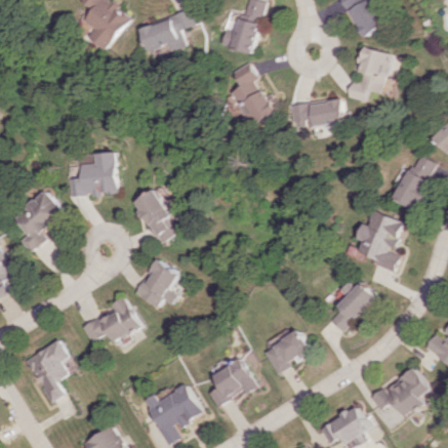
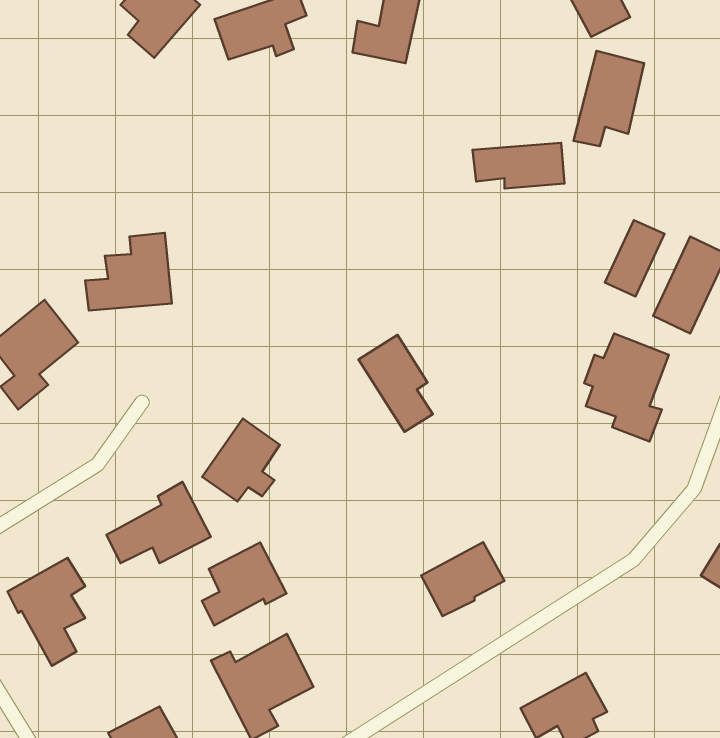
building: [234,62,277,126] -> none
building: none -> [605,220,665,296]
building: [133,188,176,244] -> [359,335,433,432]
building: [327,280,377,331] -> none
building: [206,358,255,406] -> [202,542,287,625]
building: [367,367,429,424] -> none

